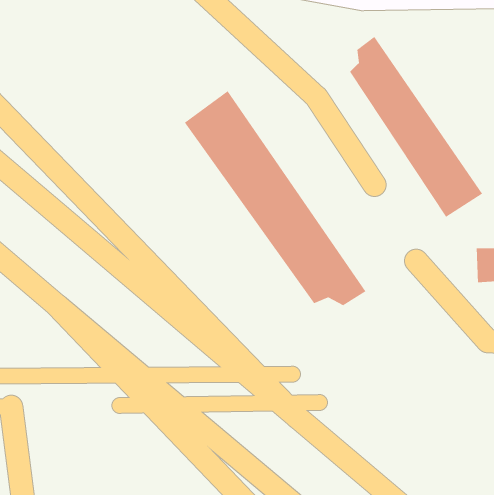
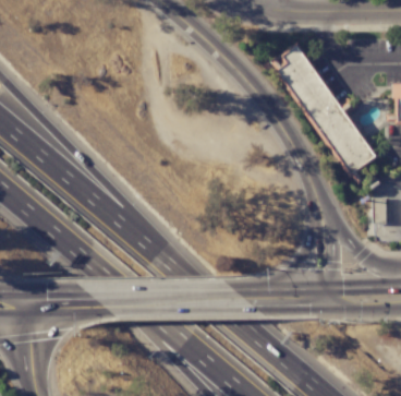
building: [184,90,366,306] -> none

